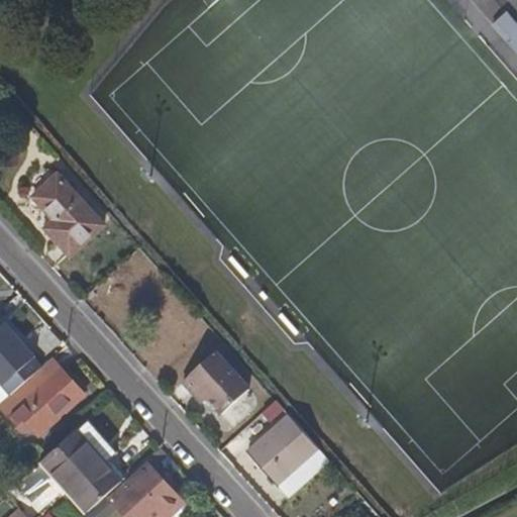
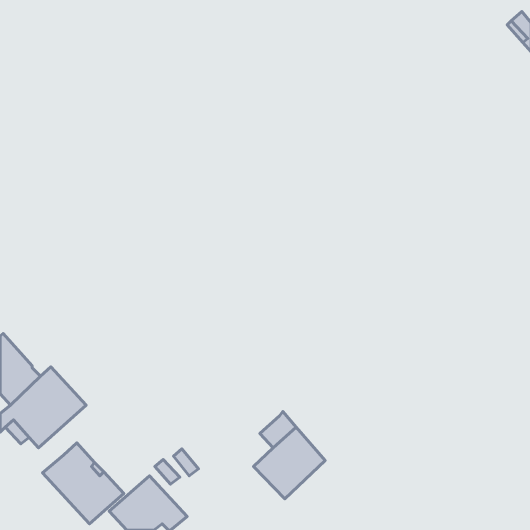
building: [33,177,104,257] -> none
building: [182,353,247,414] -> none

